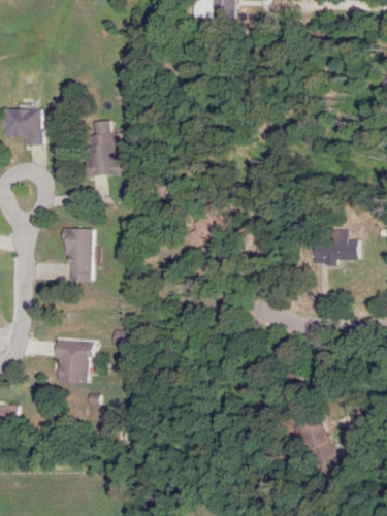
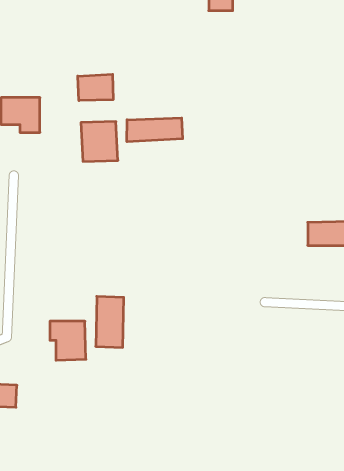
building: none -> [78,74,113,101]
building: none -> [127,118,183,142]
building: [61,228,90,281] -> [96,296,124,347]

